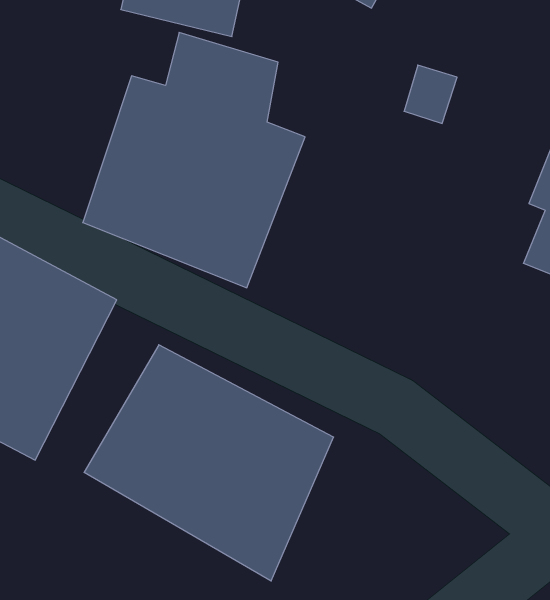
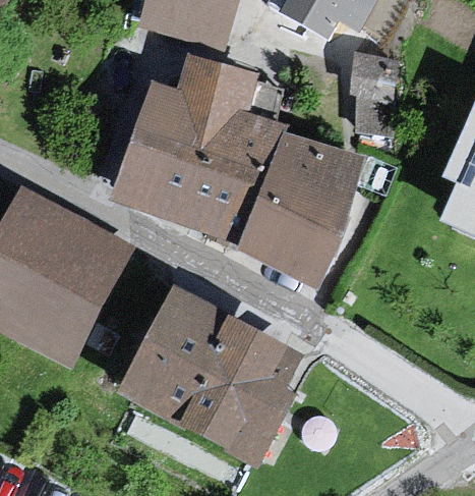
building: none -> [235,129,363,286]

